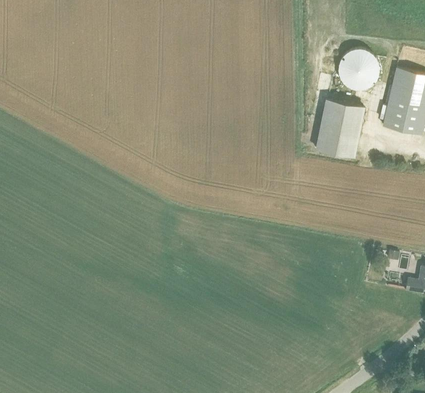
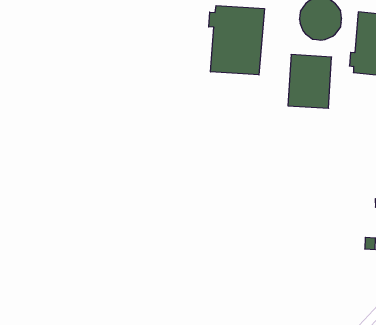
building: none -> [209,6,264,75]

